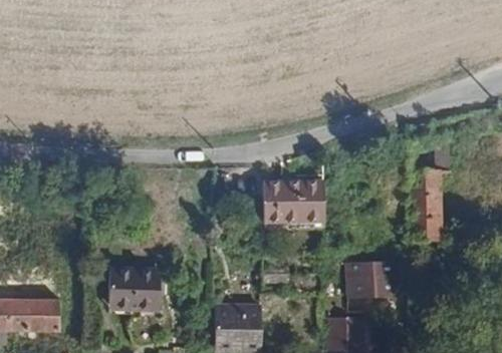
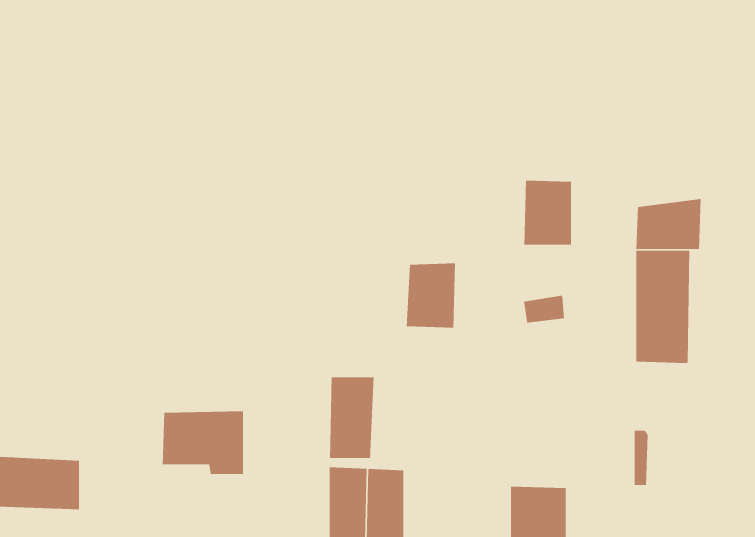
building: [293,179,323,220] -> [524,180,572,246]
building: none -> [329,377,374,459]
building: [346,263,398,299] -> none

